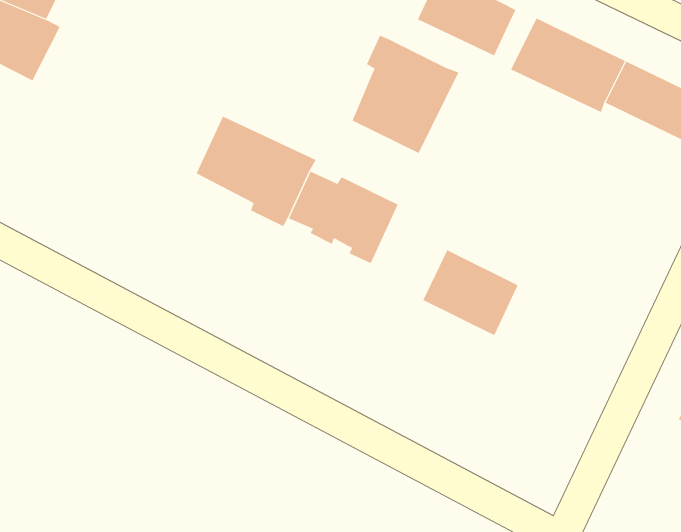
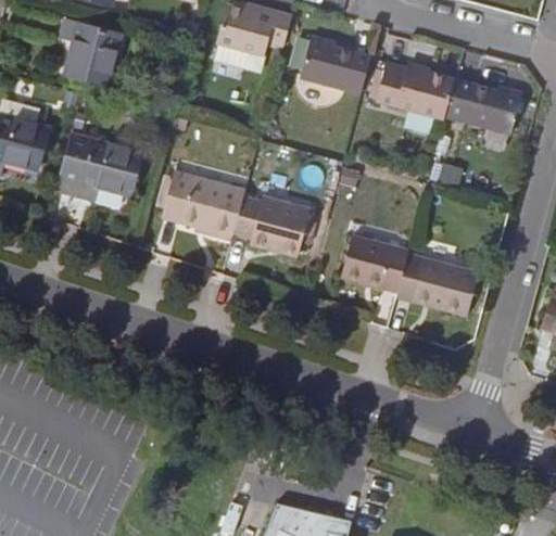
building: [352,35,459,154] -> none
building: none -> [53,132,140,196]
building: none -> [396,254,478,316]

